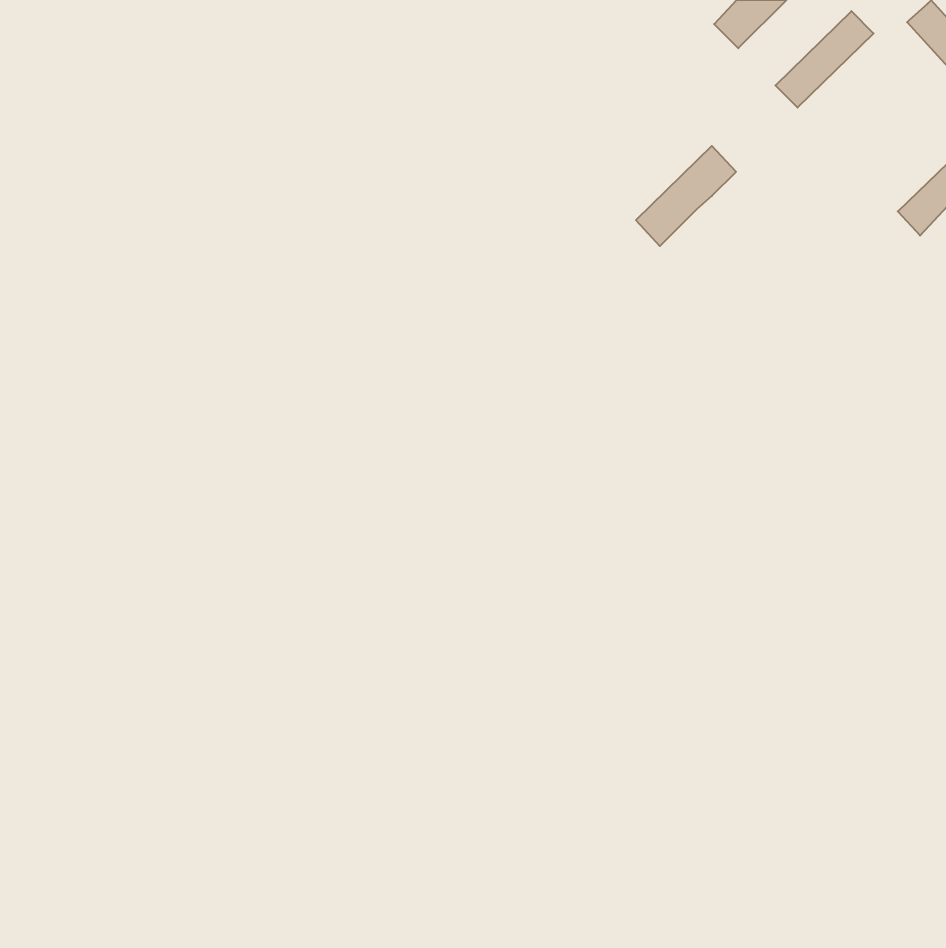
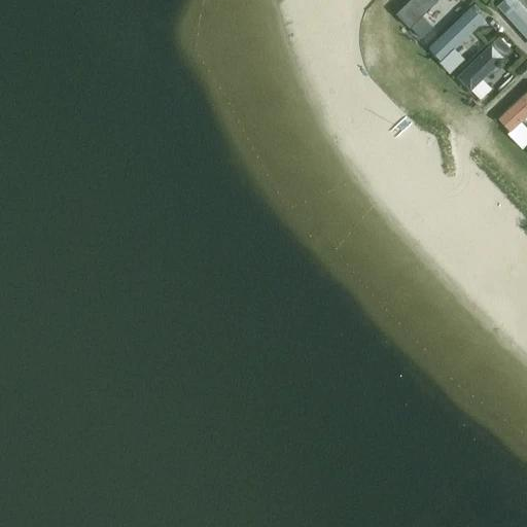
building: [636,146,736,246] -> [458,35,514,91]

